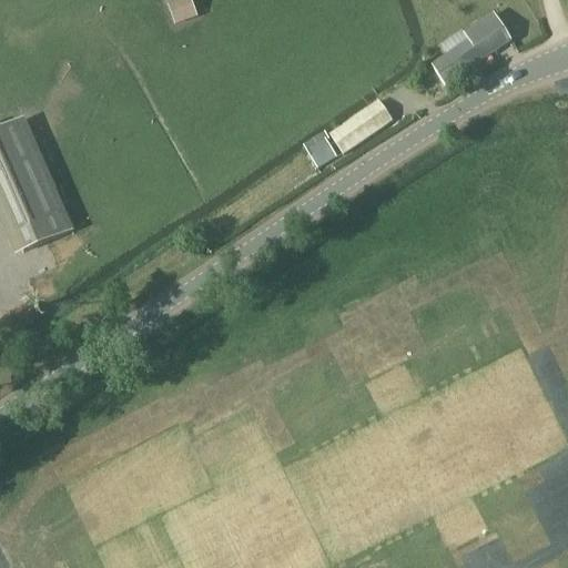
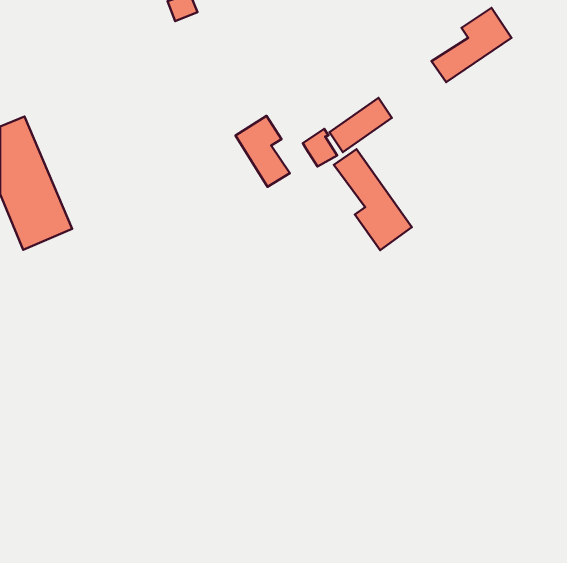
building: none -> [235,116,290,187]
building: none -> [334,149,412,250]

